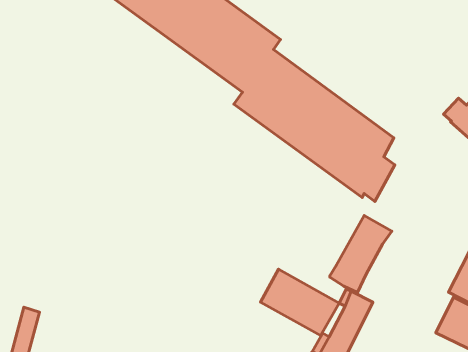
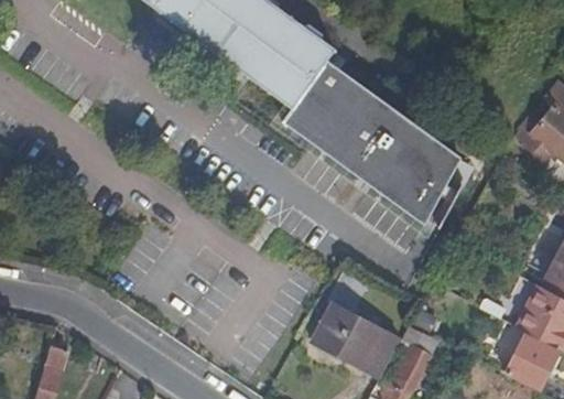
building: [330,216,392,293] -> none

